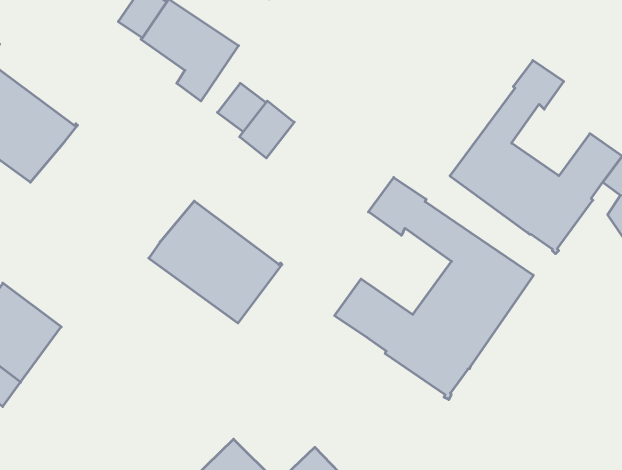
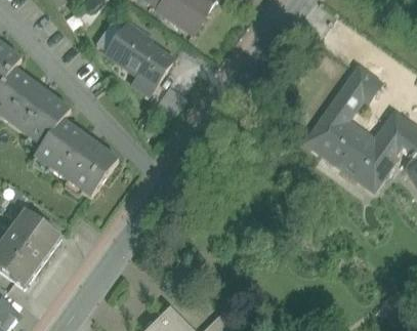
building: [240,101,294,158] -> none
building: [335,177,533,400] -> none
building: [149,201,282,323] -> [35,119,119,196]

